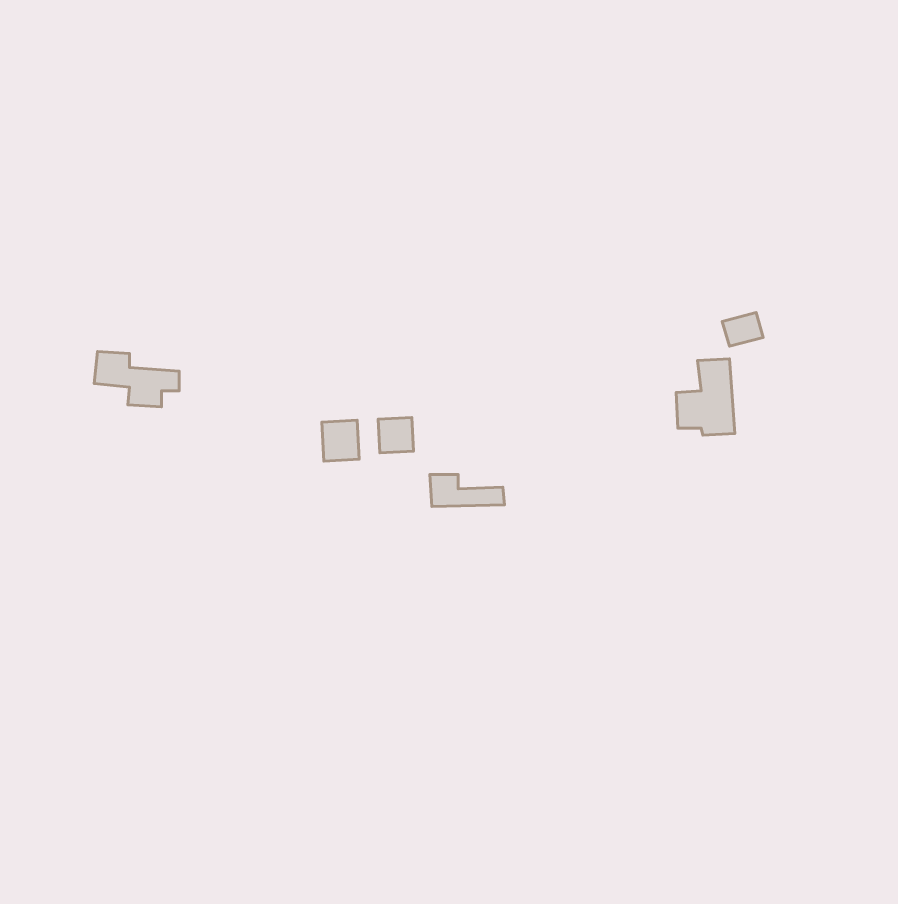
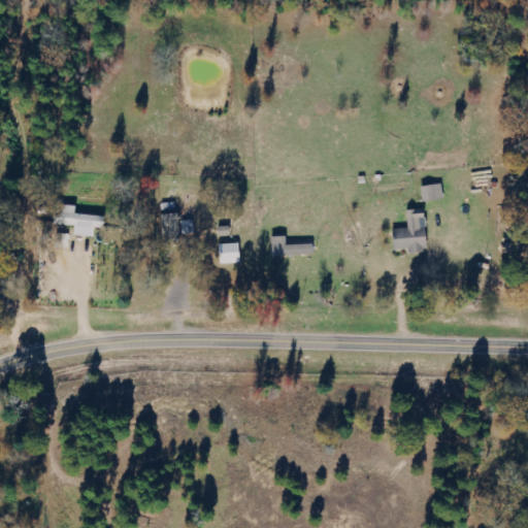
building: [322,420,359,461] -> none
building: [430,475,504,507] -> [270,236,314,255]

